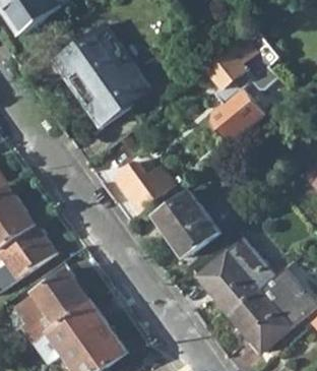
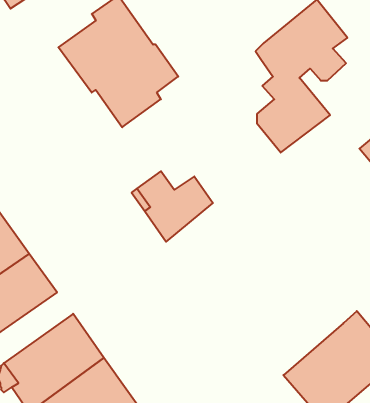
building: [152,190,217,257] -> none
building: [194,237,273,314] -> none

